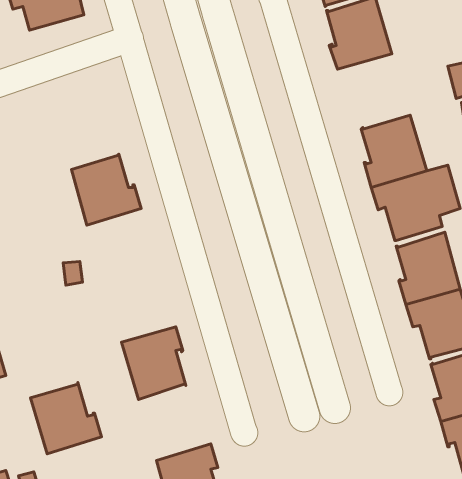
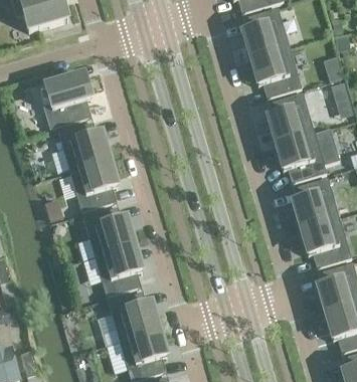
building: none -> [250,49,302,100]
building: none -> [43,76,92,130]
building: none -> [69,161,117,213]
building: none -> [82,207,134,257]
building: [30,383,102,454] -> [108,292,159,343]

